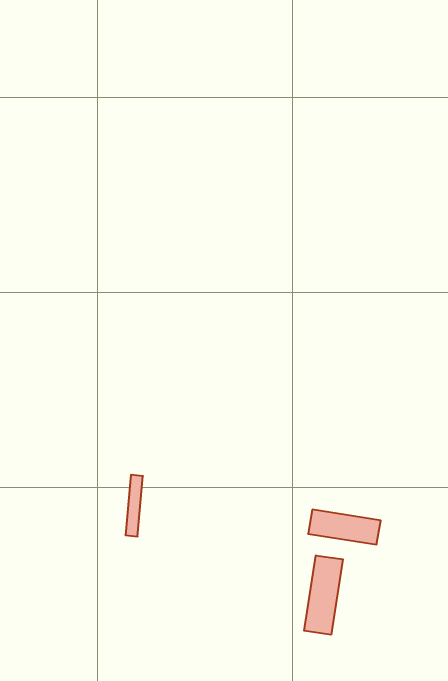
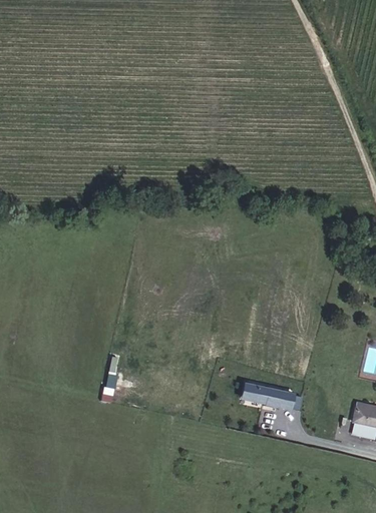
building: [304,555,343,635] -> none

